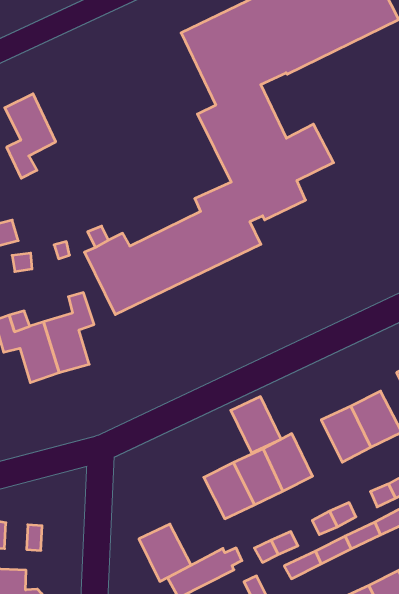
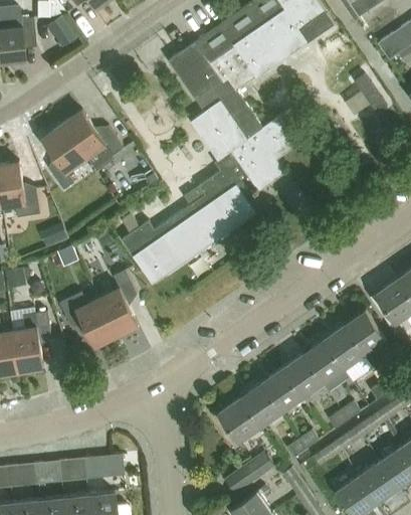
building: none -> [62,112,124,173]
building: [231,397,281,453] -> [301,341,344,385]
building: [139,524,191,581] -> [217,399,260,445]

